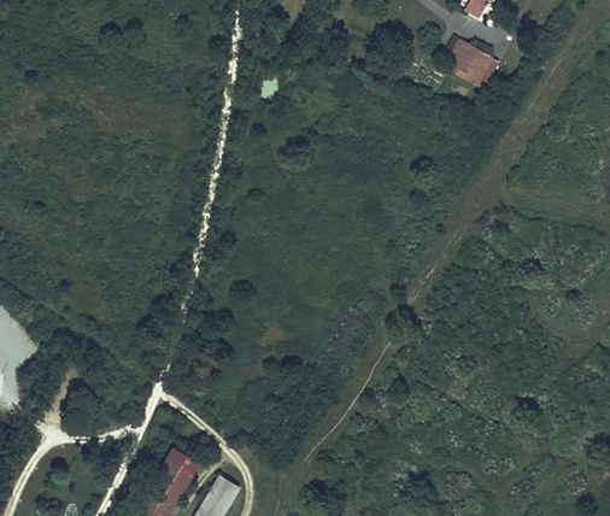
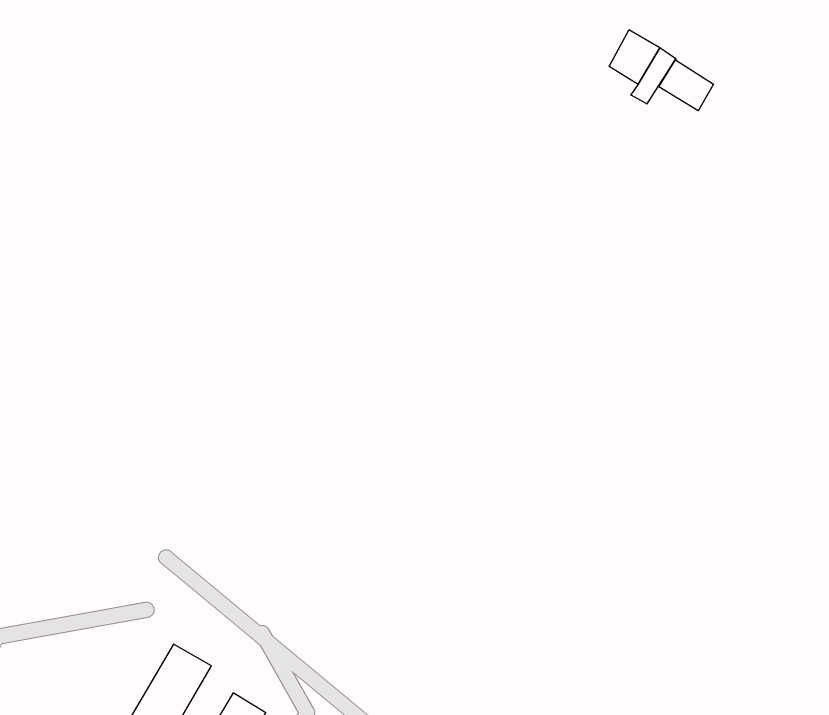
building: none -> [659,60,713,111]

